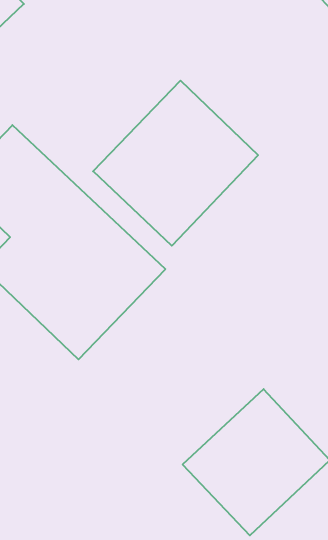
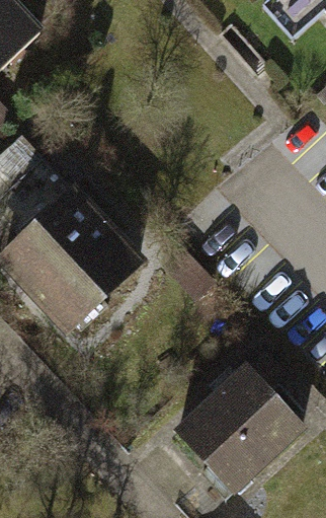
building: [93,81,258,246] -> none

